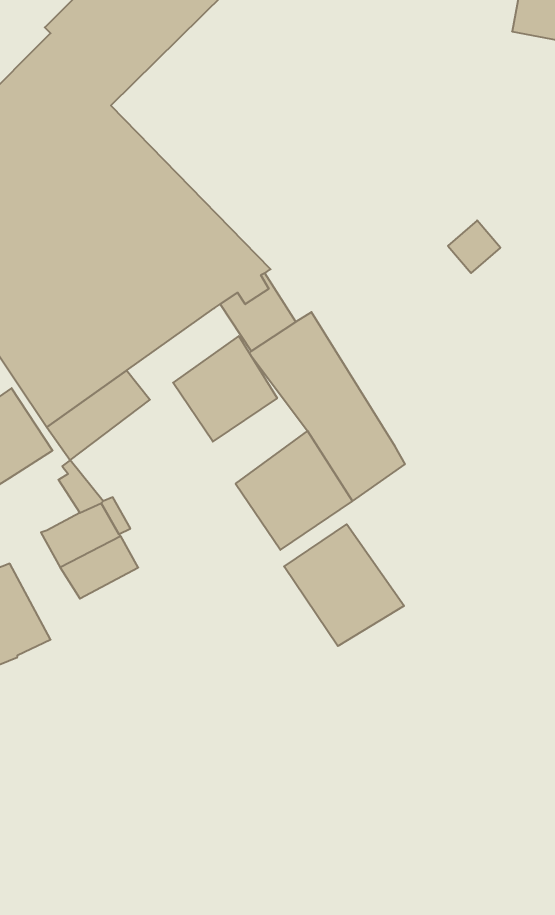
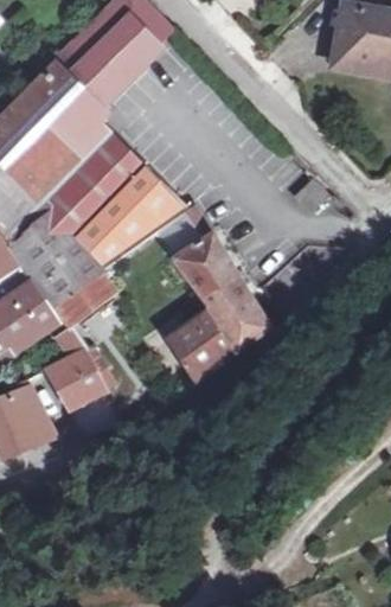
building: [173,336,277,442] -> none
building: [284,524,404,646] -> none

